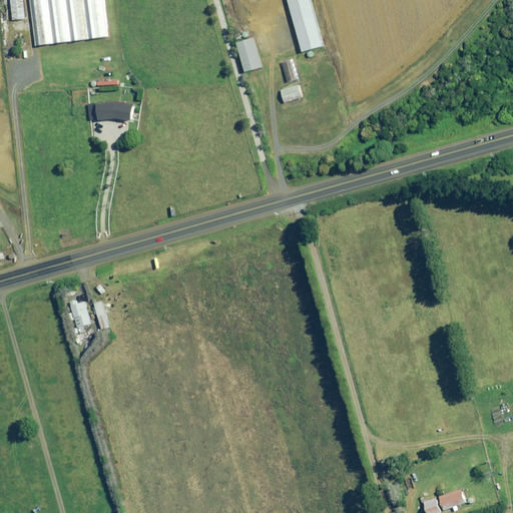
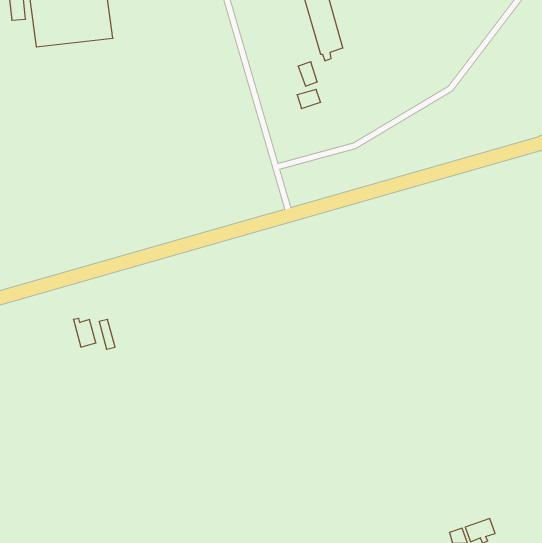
building: [236,36,263,71] -> none
building: [96,100,134,120] -> none

